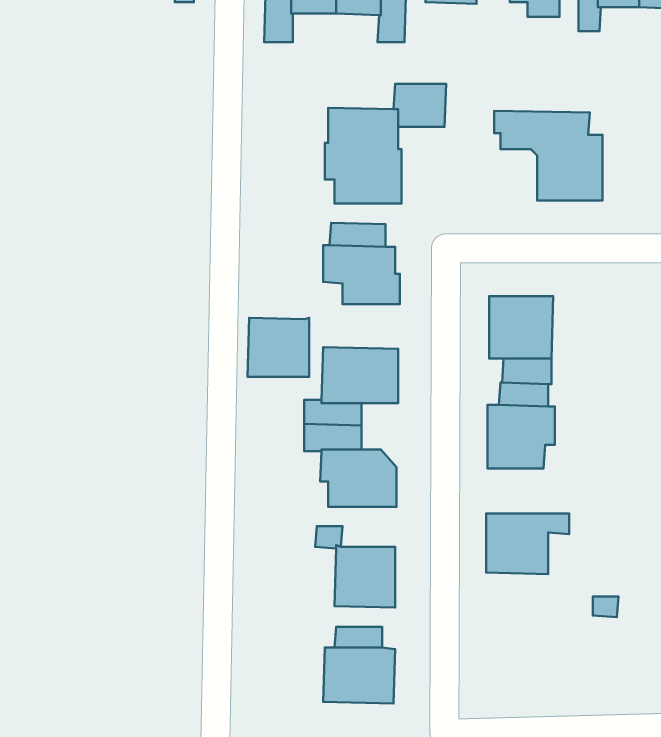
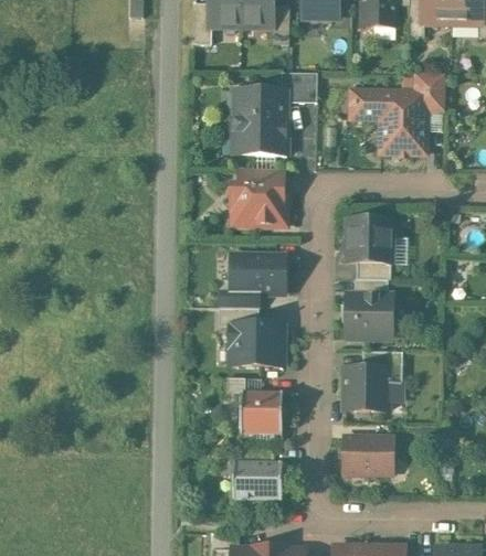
building: none -> [415,75,444,109]
building: [247,318,309,377] -> none
building: none -> [362,352,402,370]
building: none -> [344,437,392,474]

